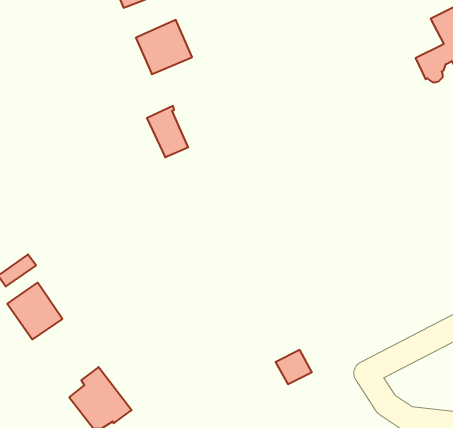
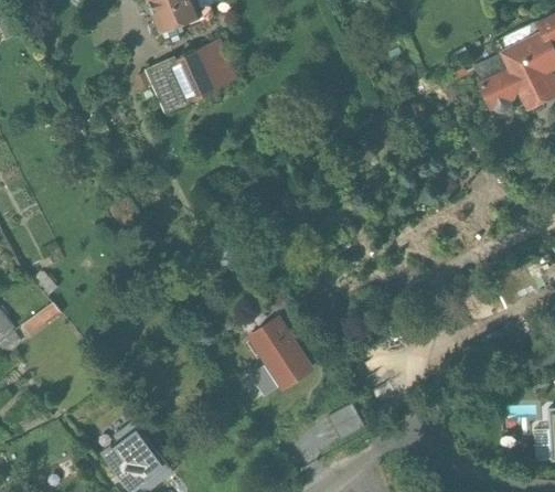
building: [147,106,188,157] -> [146,57,191,114]
building: none -> [249,319,311,388]
building: [7,283,62,339] -> none

